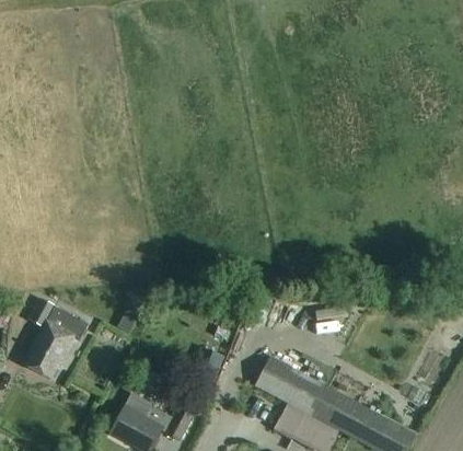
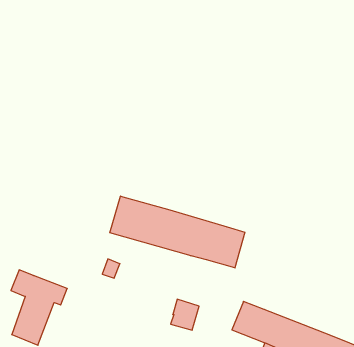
building: none -> [110,196,245,268]

